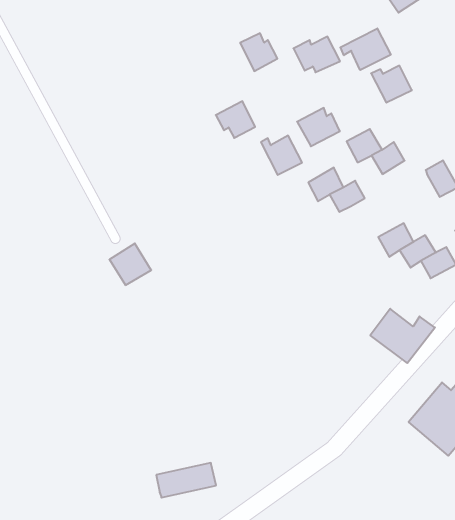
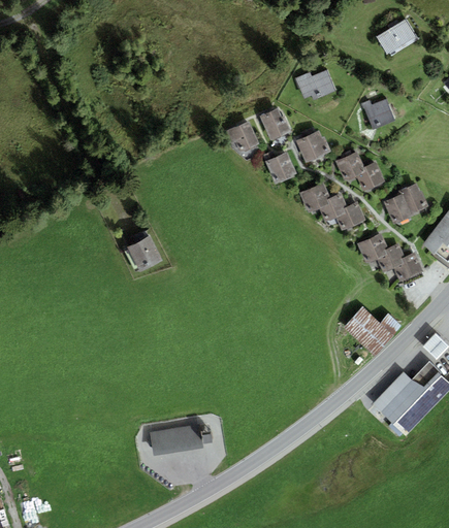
building: [340,28,391,70] -> none
building: [240,33,277,71] -> [259,108,290,140]
building: none -> [383,193,413,224]
building: none -> [335,205,365,231]

